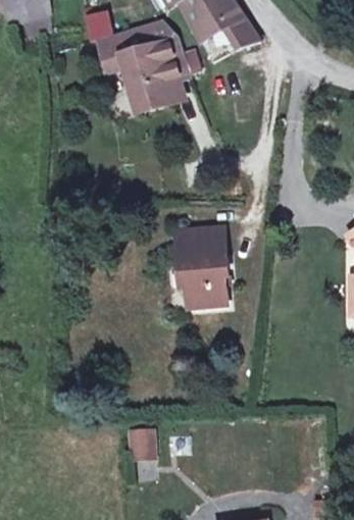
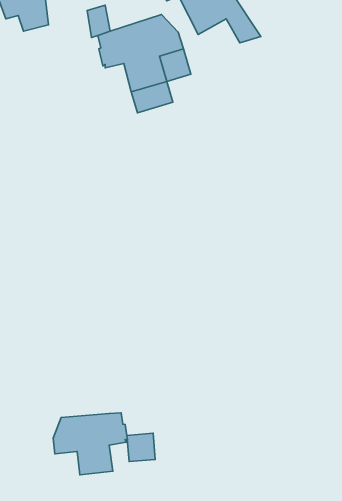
building: [176,227,227,308] -> none
building: none -> [53,413,127,475]

